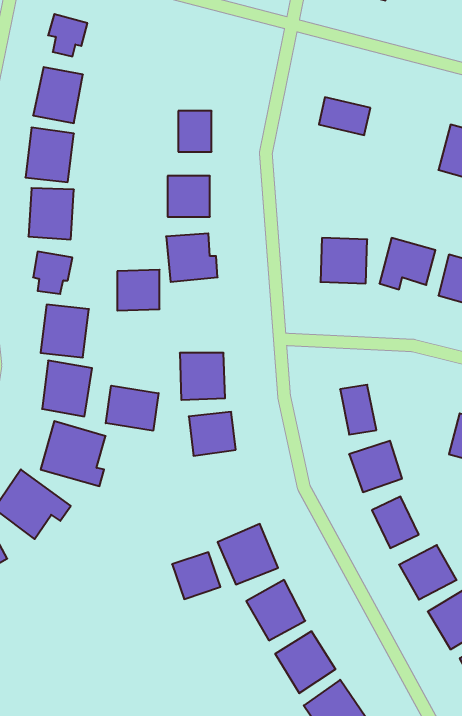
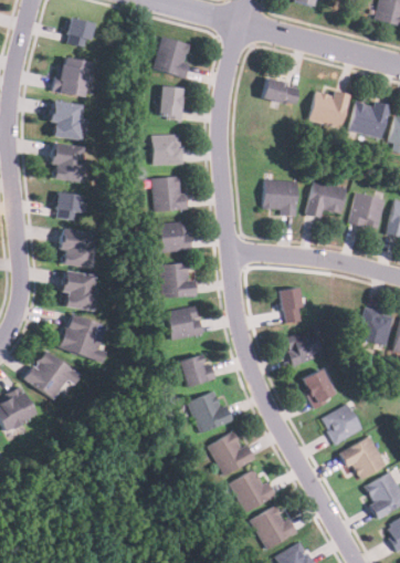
building: none -> [152,37,192,77]
building: none -> [309,88,350,128]
building: [117,270,160,311] -> [159,222,190,252]
building: [106,386,159,431] -> none
building: [172,552,220,599] -> [178,353,213,387]

